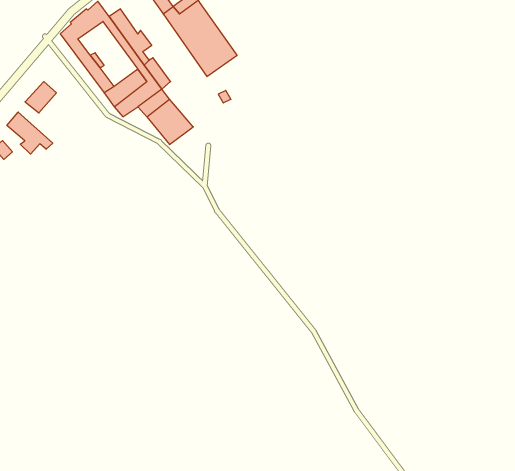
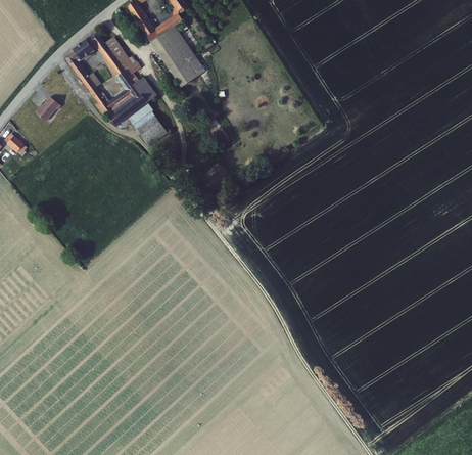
building: [7,112,53,154] -> none

